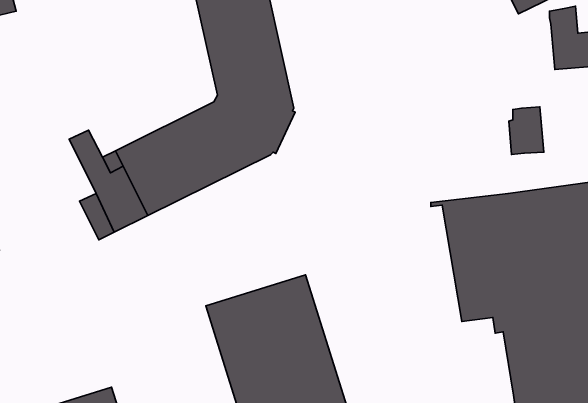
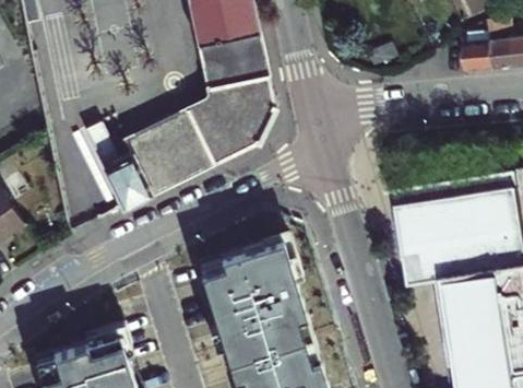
building: [509,107,544,155] -> [464,33,494,73]

